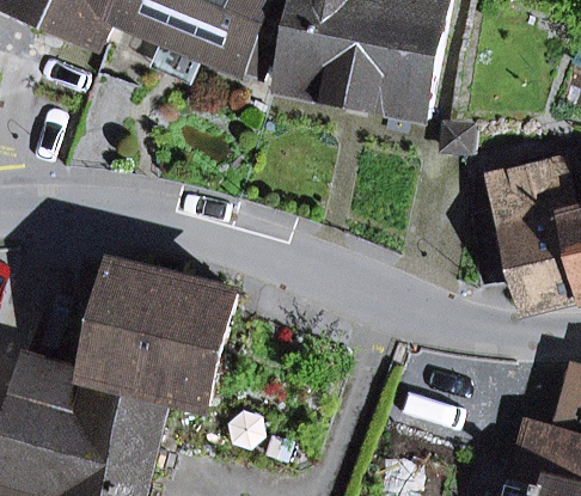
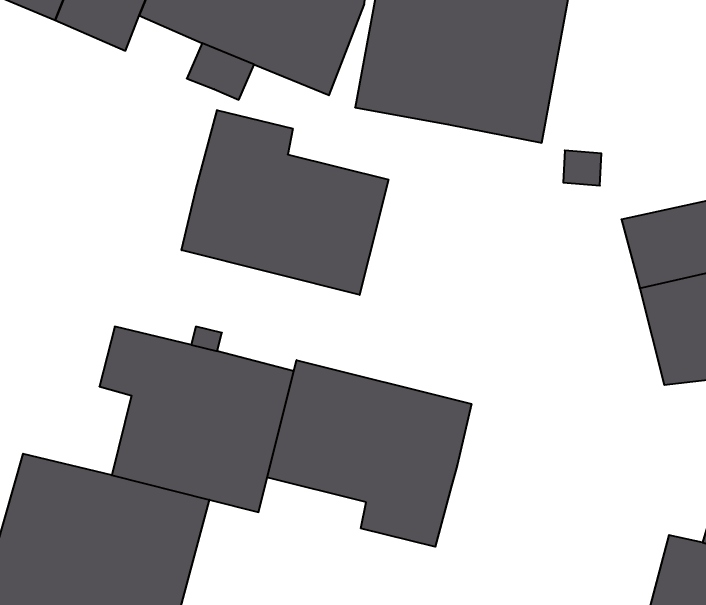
building: none -> [182,110,388,295]
building: none -> [267,360,471,547]

